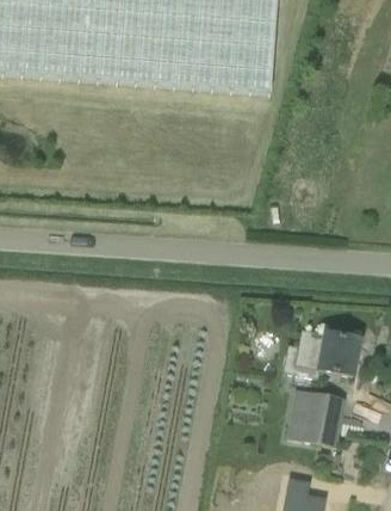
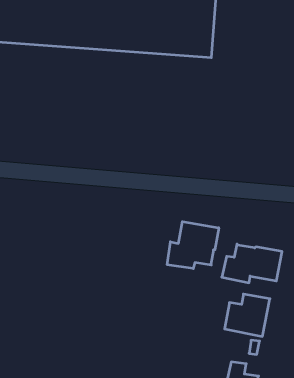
building: none -> [167,222,219,269]

